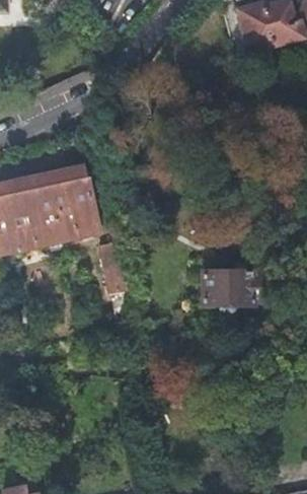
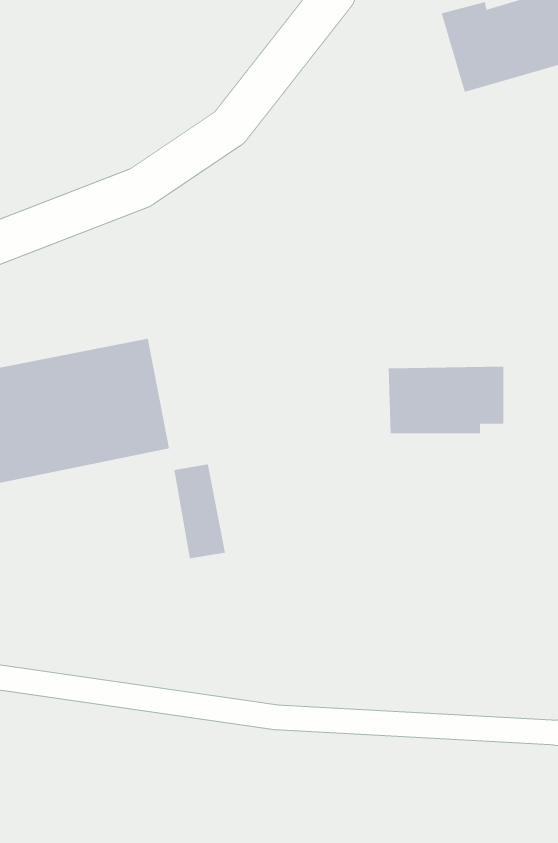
building: [201,270,261,305] -> [388,366,504,434]

